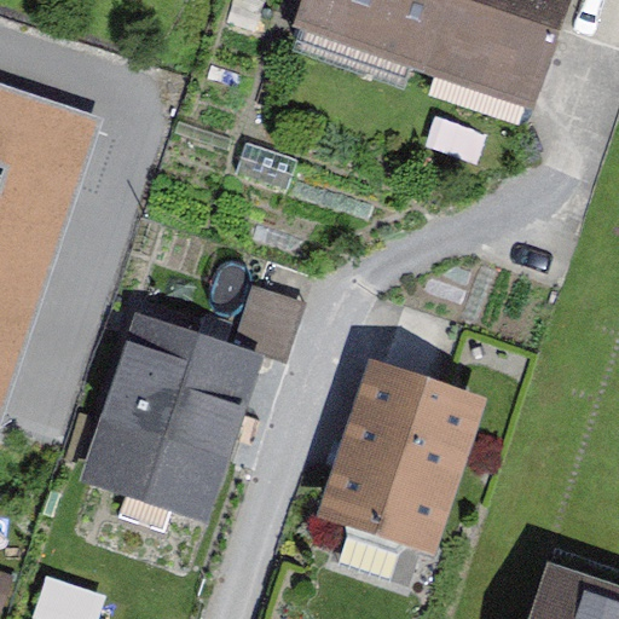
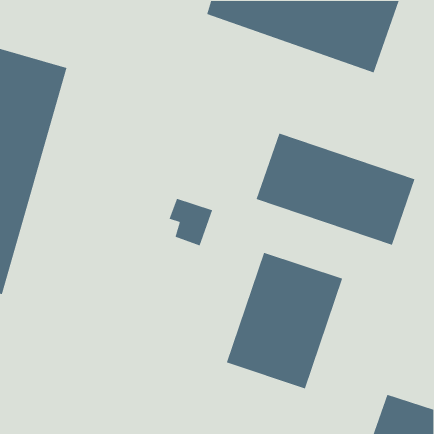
building: none -> [256,132,416,246]
building: [89,308,259,509] -> none

